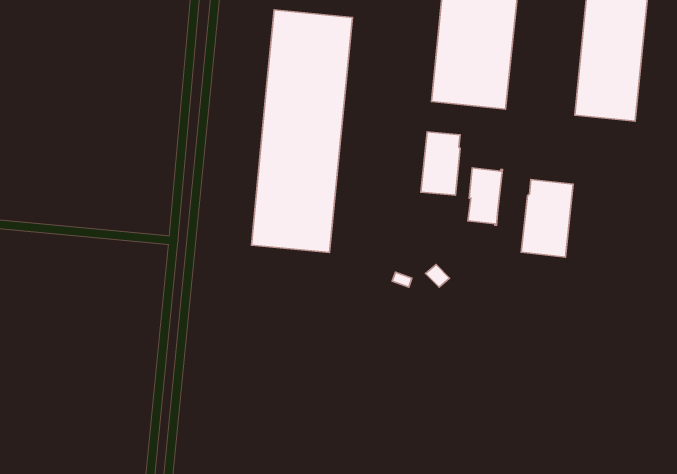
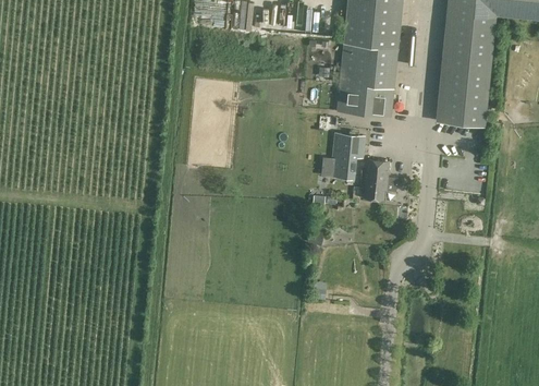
building: [251,10,352,252] -> none
building: [521,179,573,257] -> none

